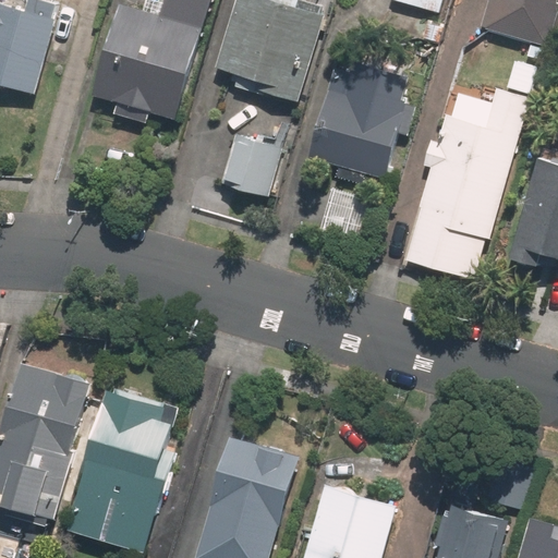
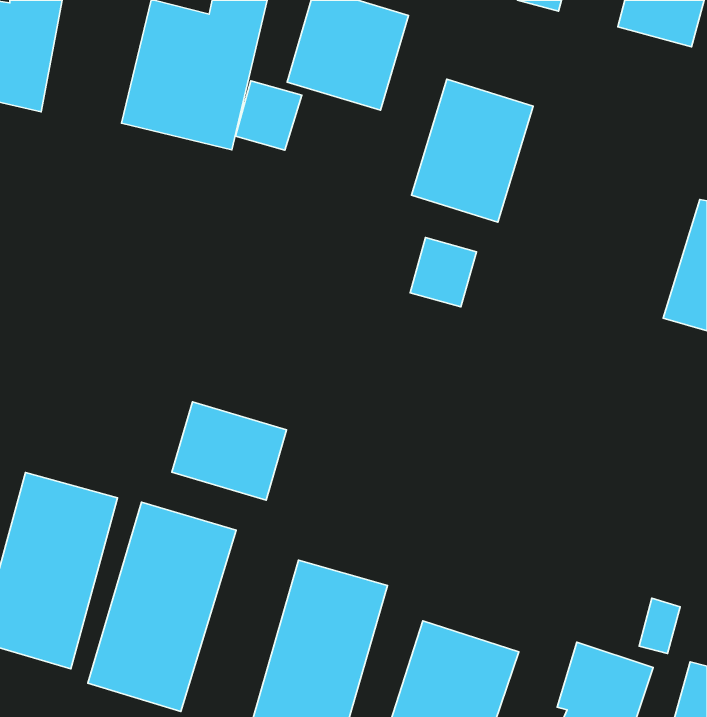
building: [402,89,524,276] -> none
building: [225,141,276,194] -> [235,81,302,150]
building: none -> [172,402,287,500]

